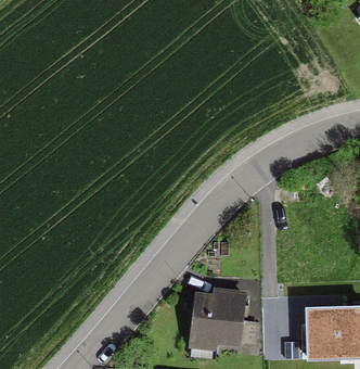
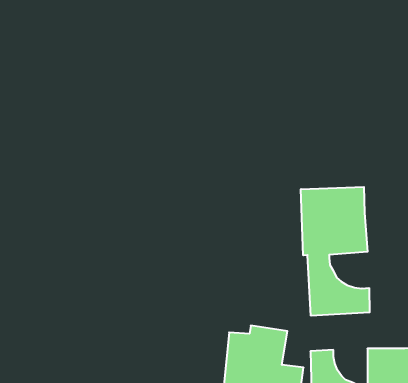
building: none -> [301,187,370,316]

